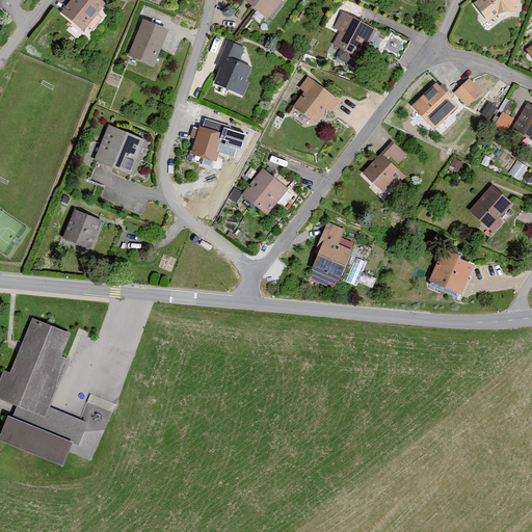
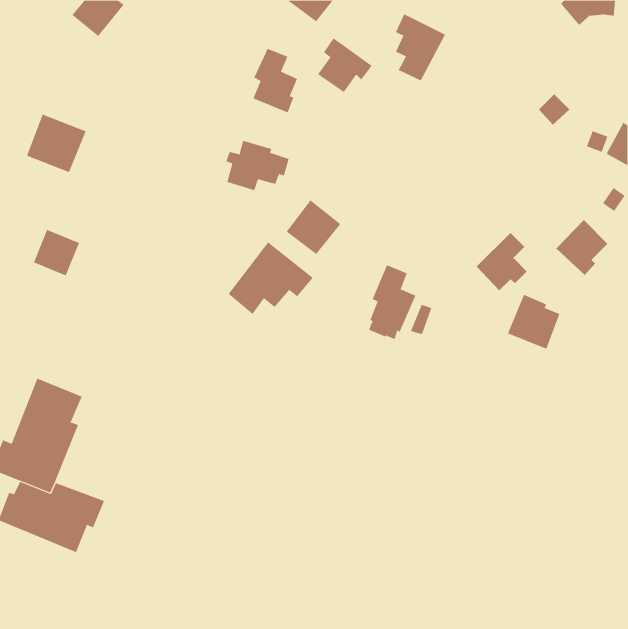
building: [127,19,167,65] -> none
building: [293,76,340,123] -> [317,37,372,93]
building: [409,82,457,130] -> none
building: [95,126,145,176] -> [26,114,87,173]
building: [363,142,406,192] -> [476,232,528,291]
building: none -> [228,241,314,315]
building: [63,210,103,249] -> [33,229,80,276]

